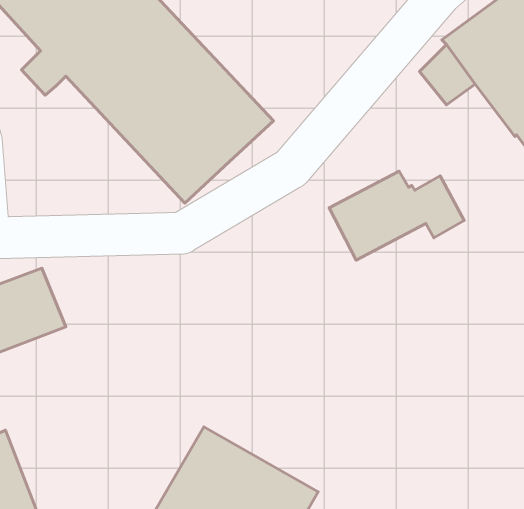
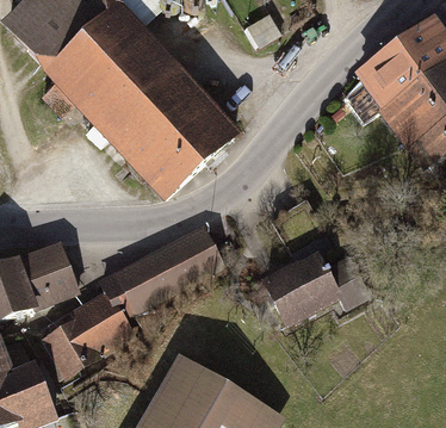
building: [329,171,464,260] -> [265,254,366,321]
building: none -> [45,229,222,371]

